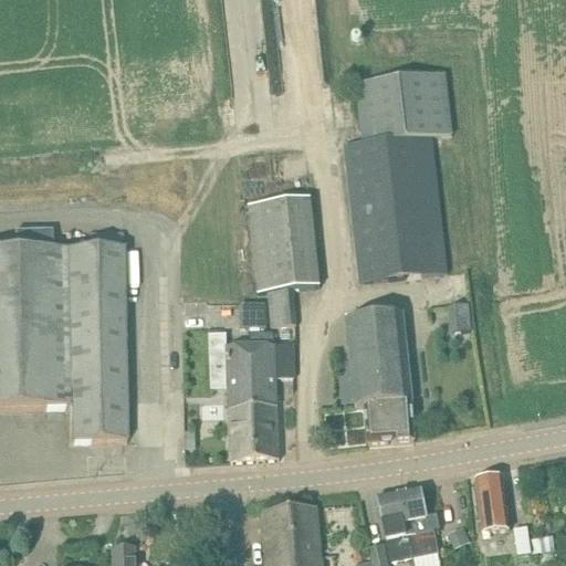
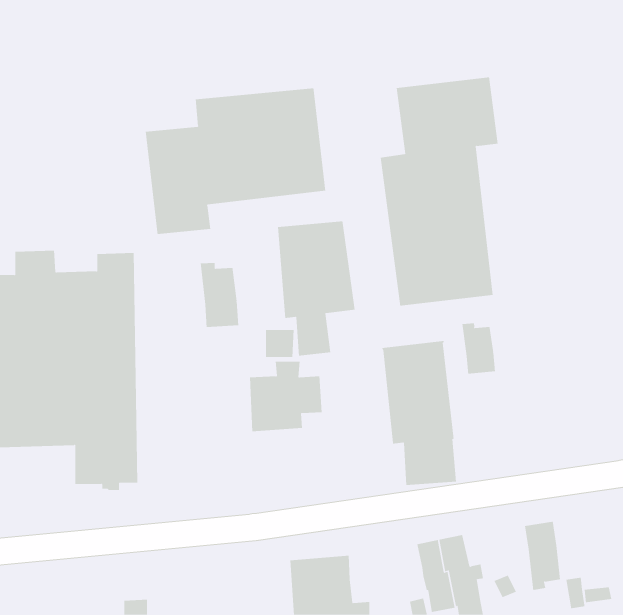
building: none -> [145,87,326,235]
building: none -> [200,262,239,328]
building: none -> [462,323,496,374]
building: [228,388,279,459] -> none

